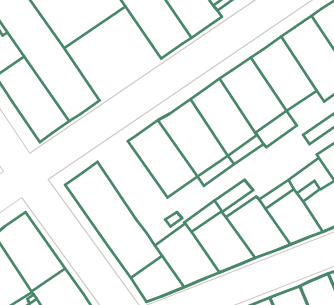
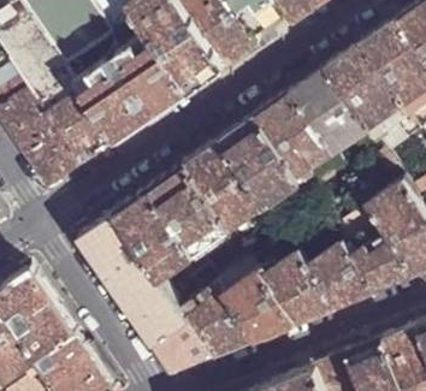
building: none -> [76,32,188,141]
building: none -> [114,188,195,278]

